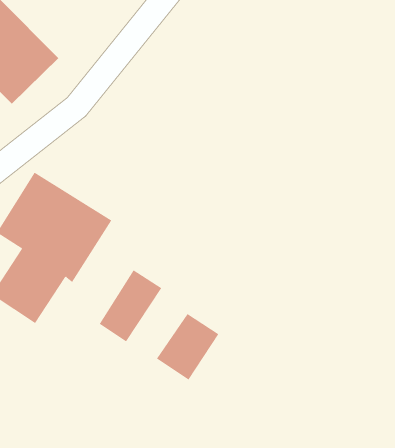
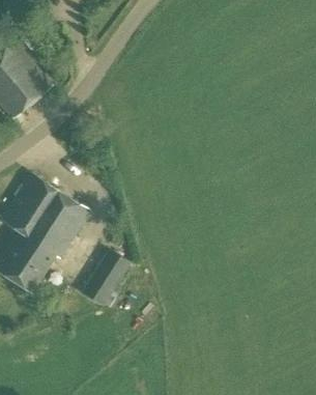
building: [156,313,219,381] -> none

